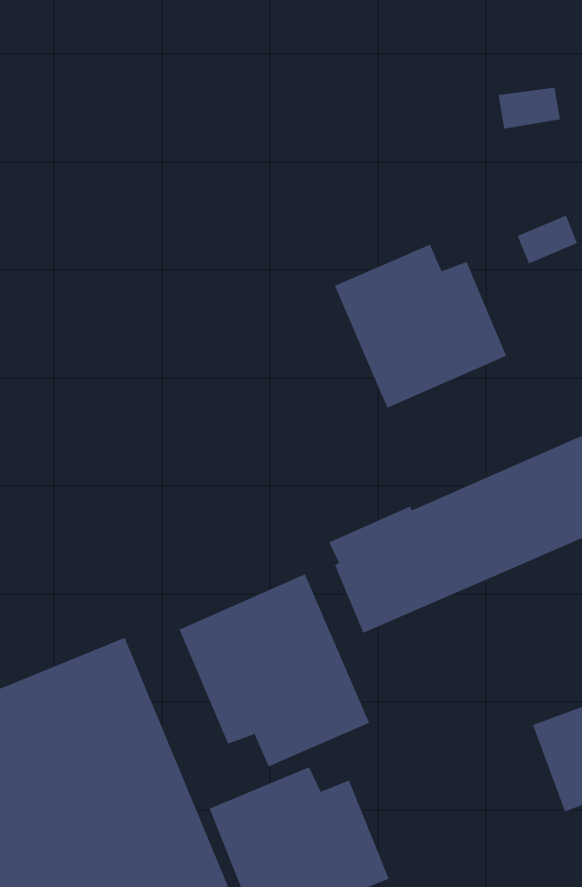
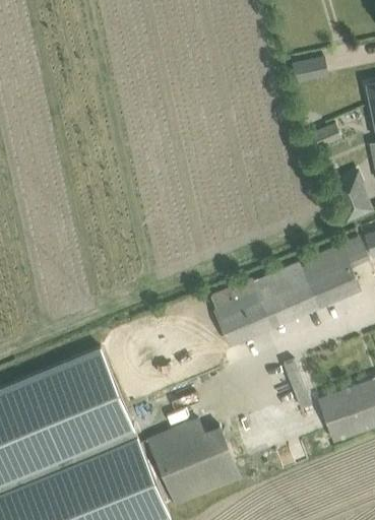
building: [334,244,507,408] -> none
building: [179,574,370,767] -> none

